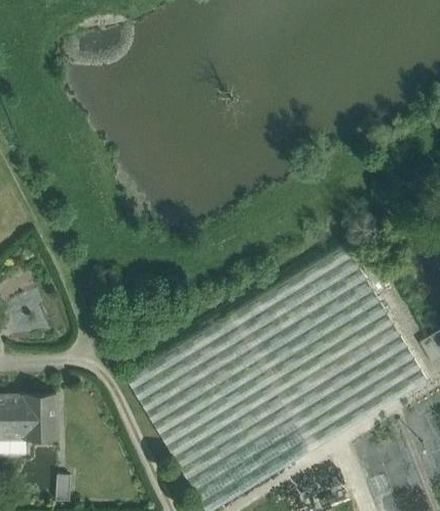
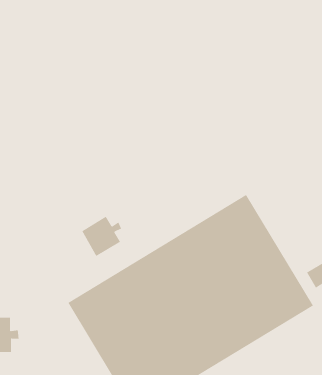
building: none -> [82,216,122,257]

